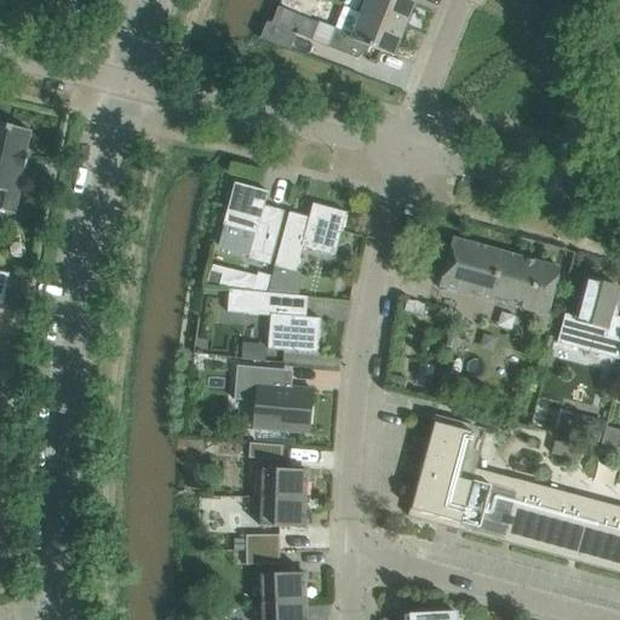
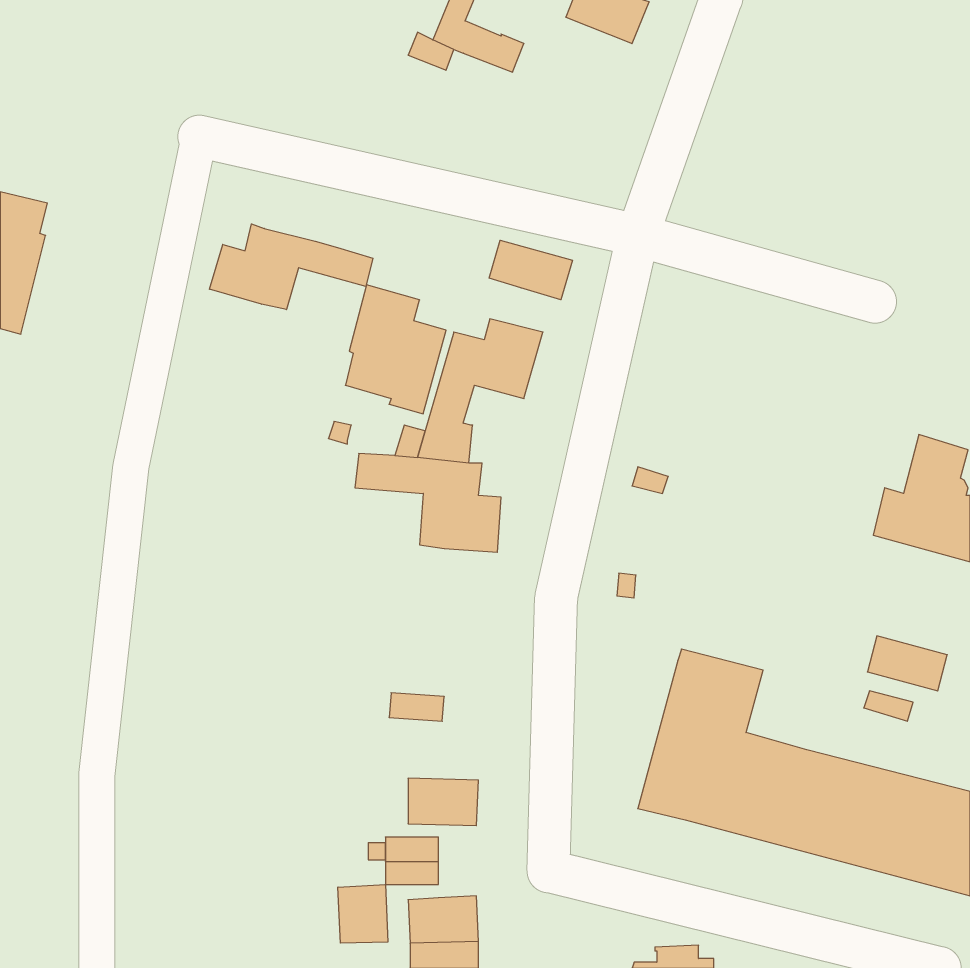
building: [327,11,403,58] -> none
building: none -> [209,224,373,310]
building: none -> [489,240,572,300]
building: [440,237,559,315] -> none
building: [234,364,312,432] -> none
building: [260,467,306,498] -> none
building: none -> [338,884,388,943]

